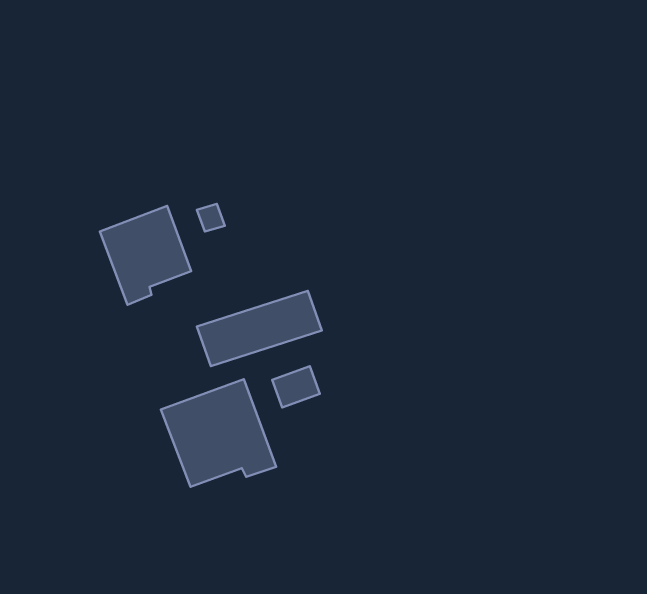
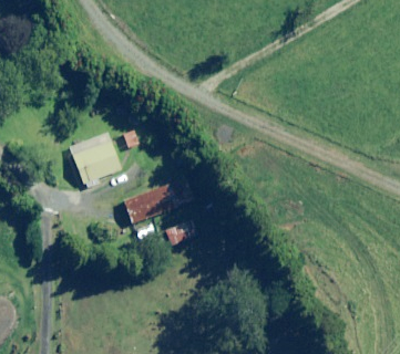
building: [161,379,276,487] -> none

